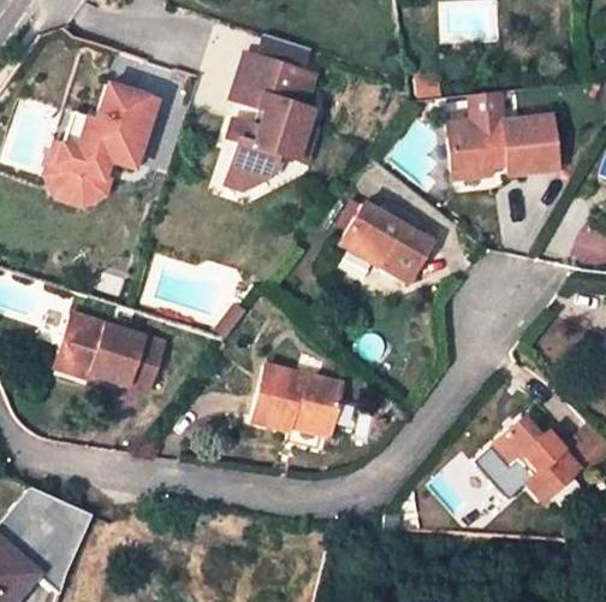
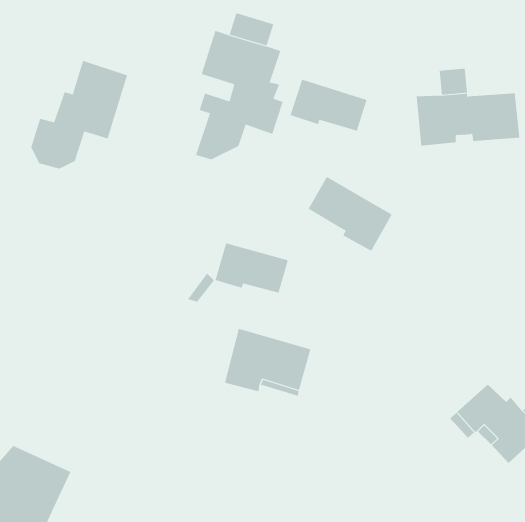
building: none -> [290,79,367,131]
building: [42,142,117,206] -> none
building: none -> [215,243,288,293]
building: [58,314,165,391] -> none

